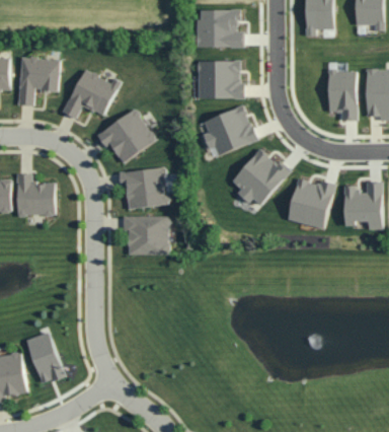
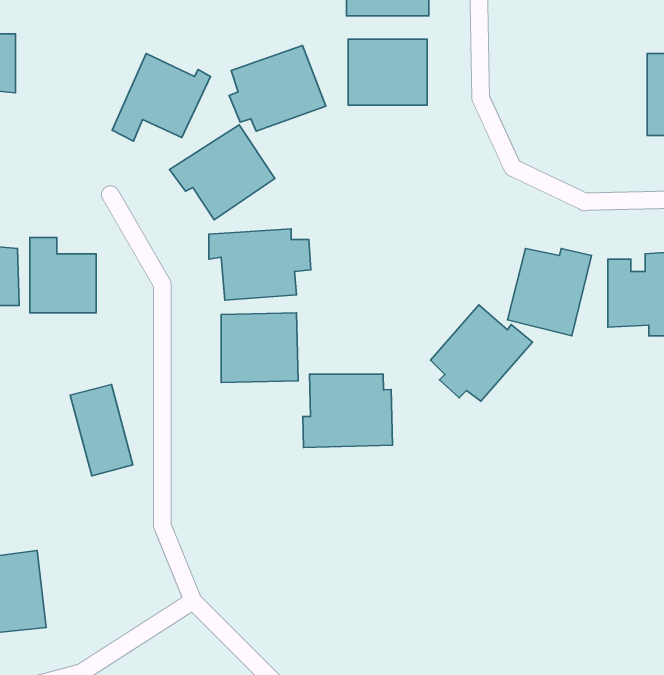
building: [18,57,60,105] -> none
building: [328,64,358,121] -> none
building: [203,106,257,155] -> [229,45,326,131]
building: [232,150,290,205] -> [431,305,533,401]
building: none -> [303,374,393,447]
building: [27,331,63,382] -> [70,384,133,476]

